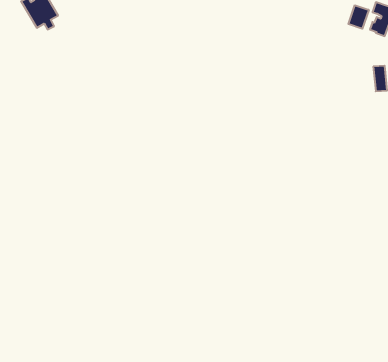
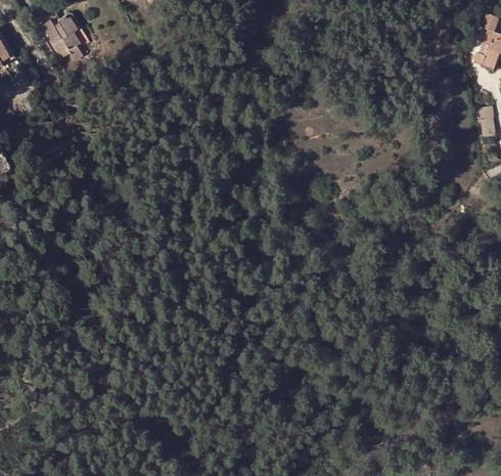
building: [348,5,369,29] -> none

